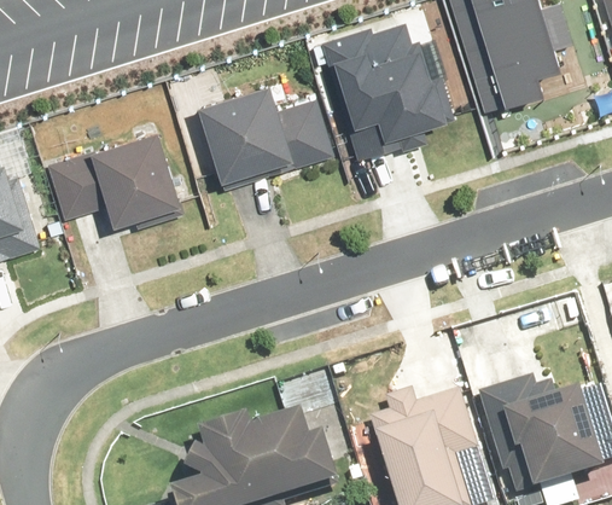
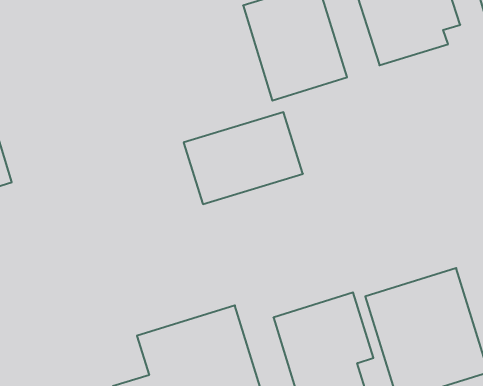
building: [193,77,336,187] -> [184,112,303,204]
building: [48,130,179,240] -> none

